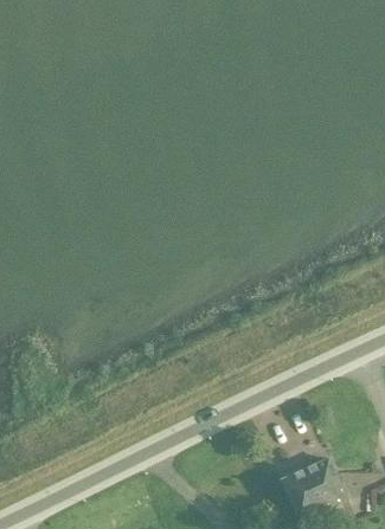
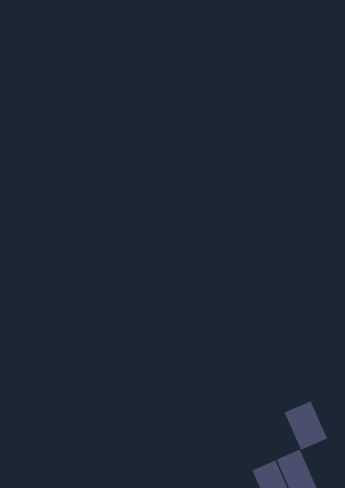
building: none -> [284,400,328,451]

